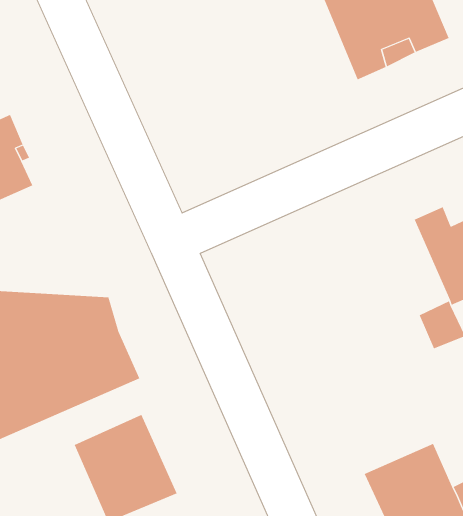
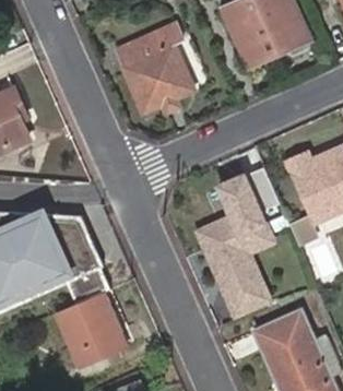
building: none -> [118,24,193,111]
building: none -> [193,169,277,315]

